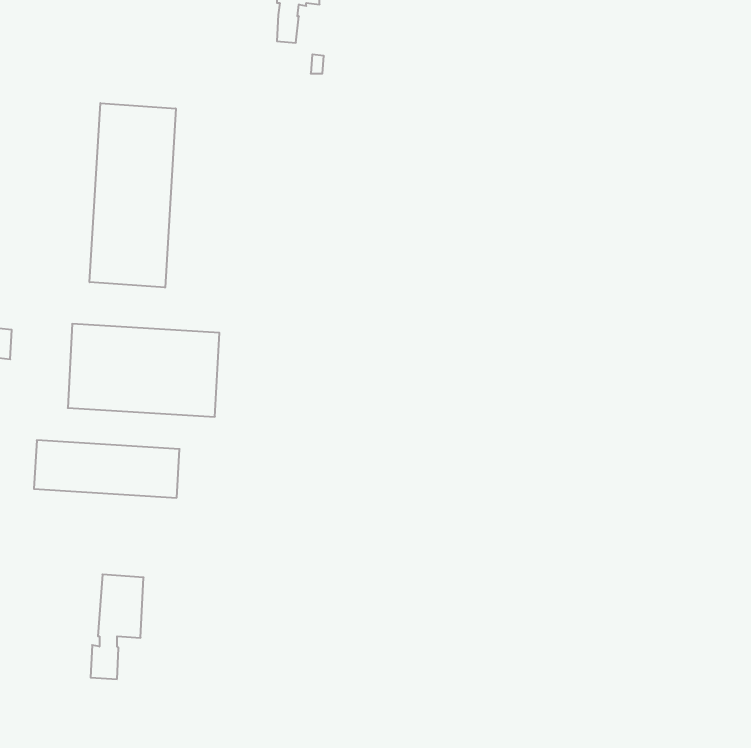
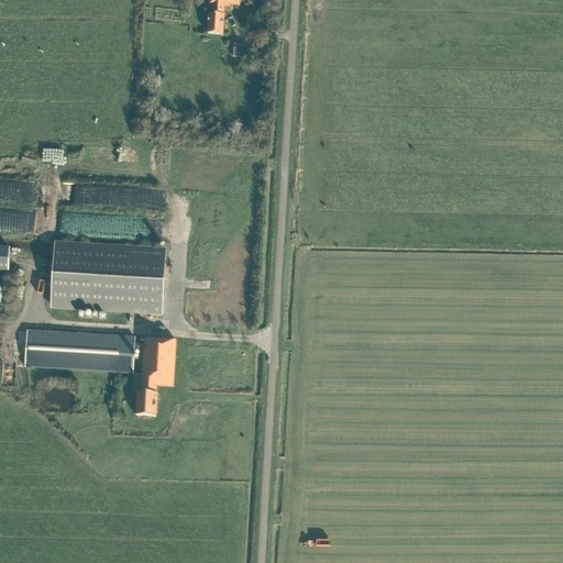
building: [90,103,176,288] -> none
building: [91,574,144,679] -> [135,336,175,415]

